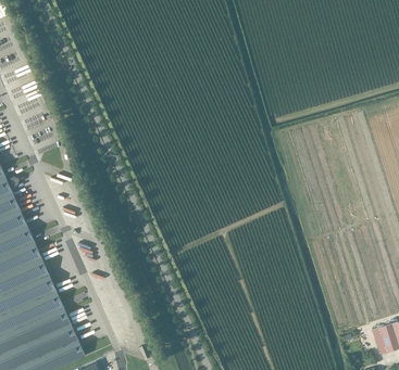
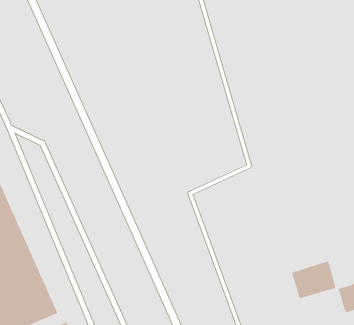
building: none -> [291,261,336,299]

